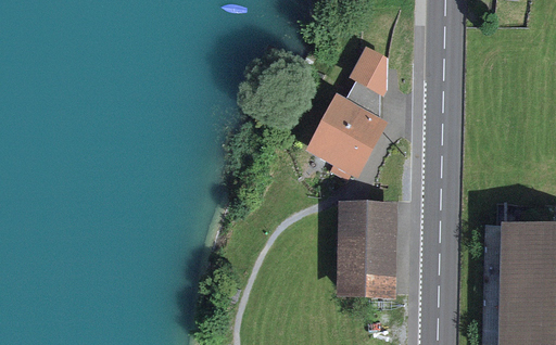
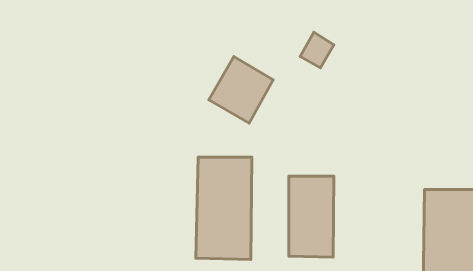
building: [311,93,383,168] -> [209,57,273,123]
building: none -> [196,157,252,259]

